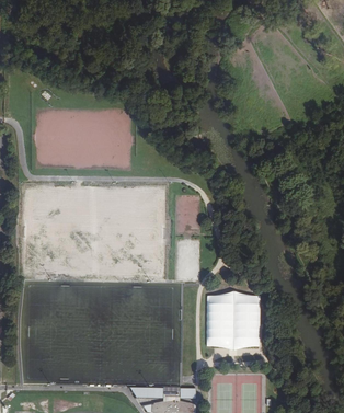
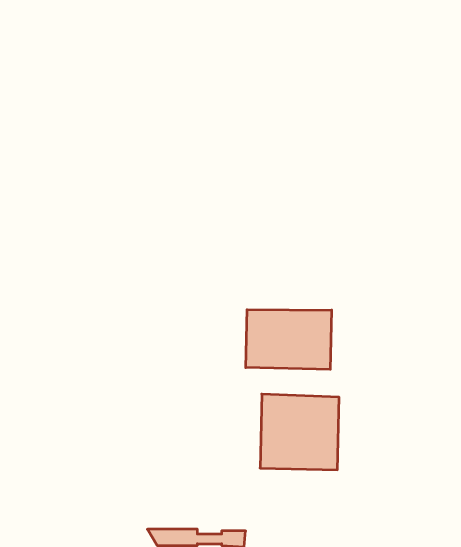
building: none -> [246,310,332,369]

